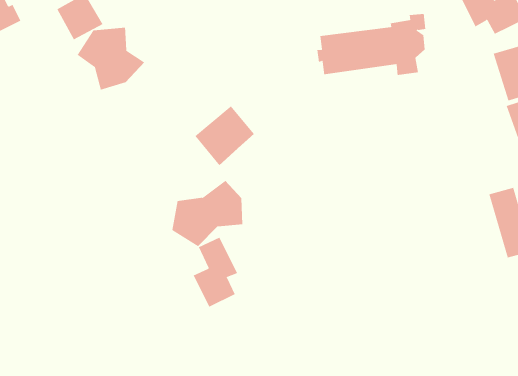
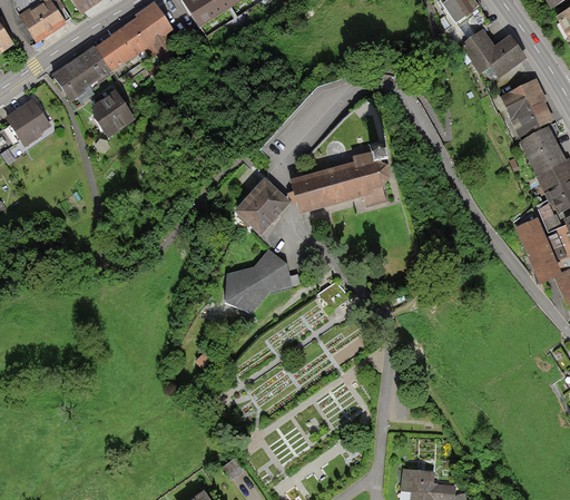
building: [316,14,426,76] -> [288,144,390,214]
building: [77,27,145,91] -> none
building: [193,237,238,307] -> none

